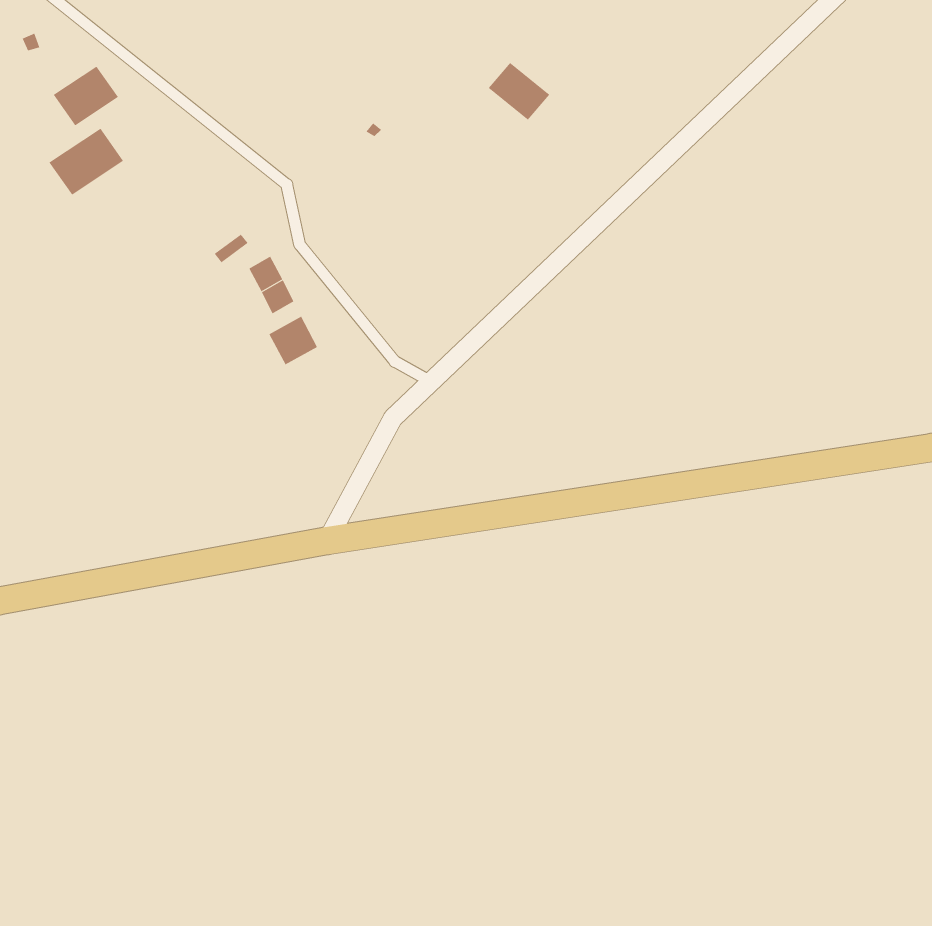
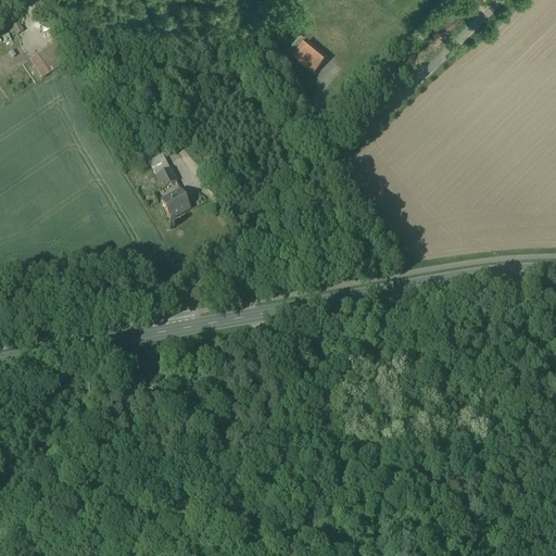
building: [49,128,124,196] -> none

